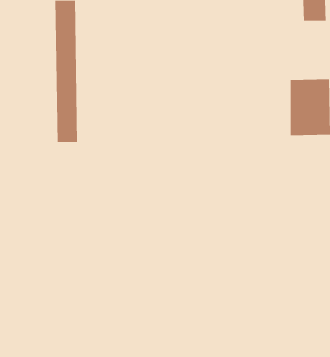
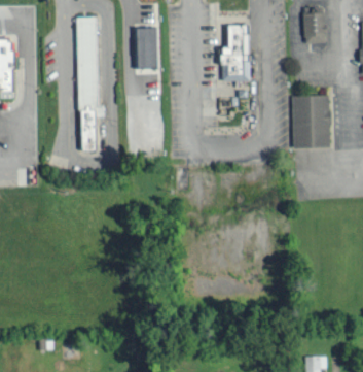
building: none -> [134,28,160,69]
building: none -> [219,31,250,80]

